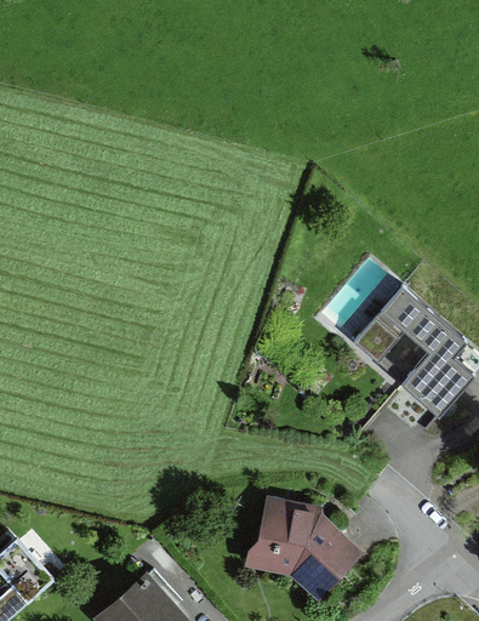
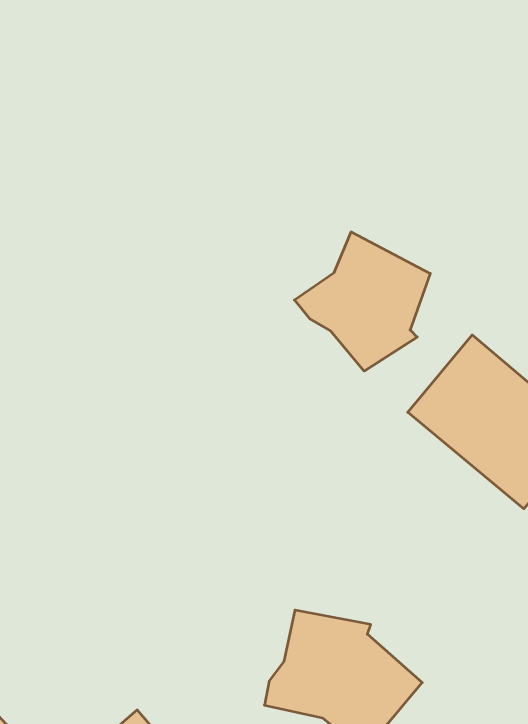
building: none -> [294,232,430,371]

